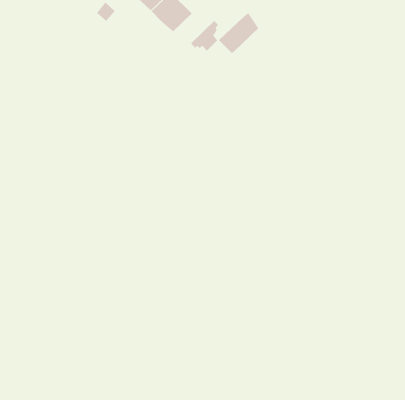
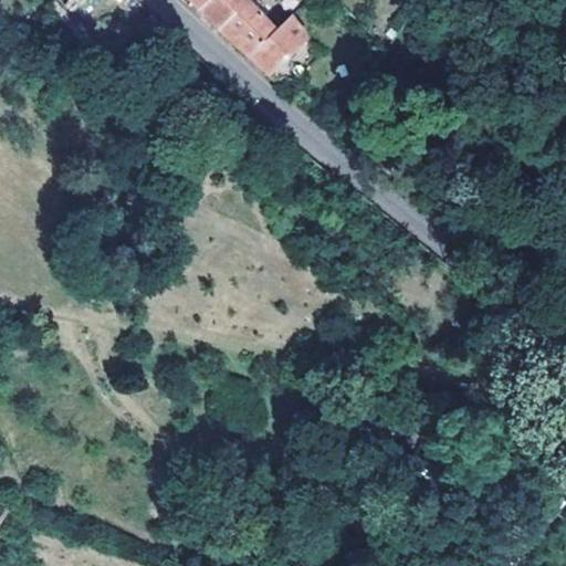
building: [218,12,259,54] -> [239,6,295,63]

